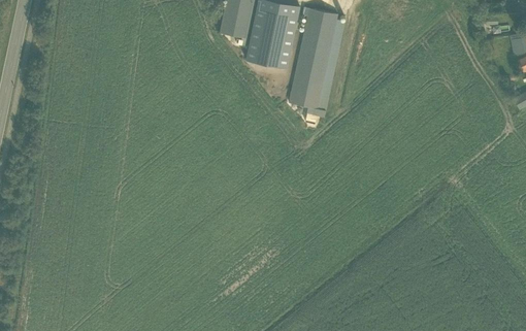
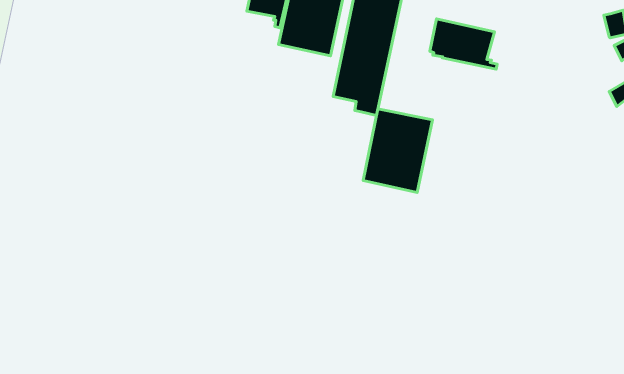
building: none -> [430,19,497,69]
building: none -> [363,109,432,193]

